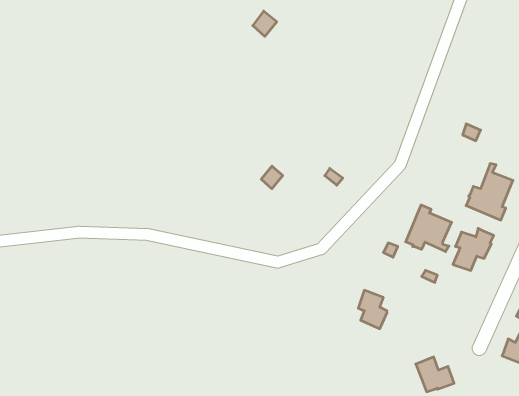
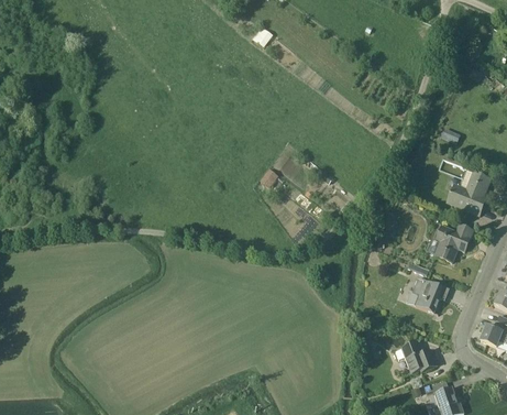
building: [406,205,452,252] -> none
building: [358,290,387,329] -> [414,277,440,313]

